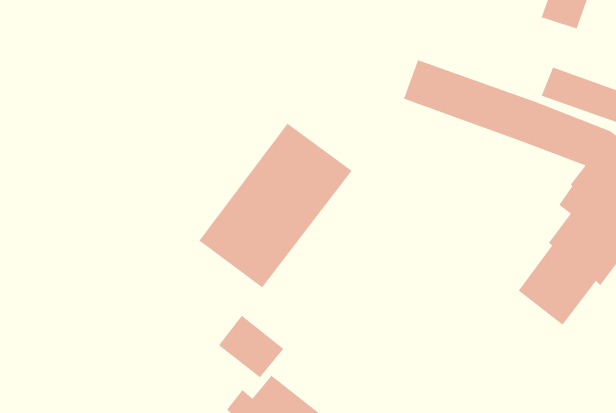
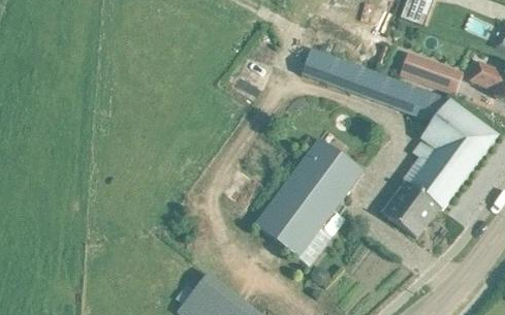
building: [199,123,352,288] -> [254,139,364,257]
building: [218,315,284,378] -> none

